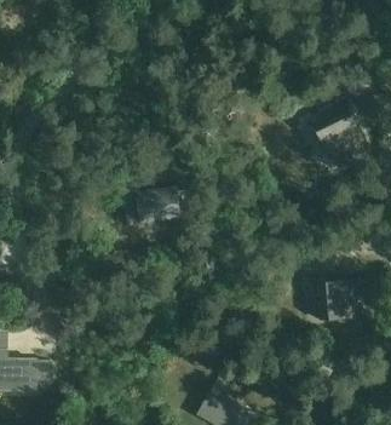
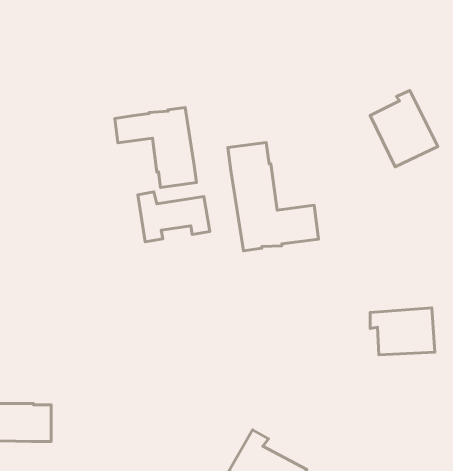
building: none -> [115,107,196,187]
building: none -> [228,142,319,251]

